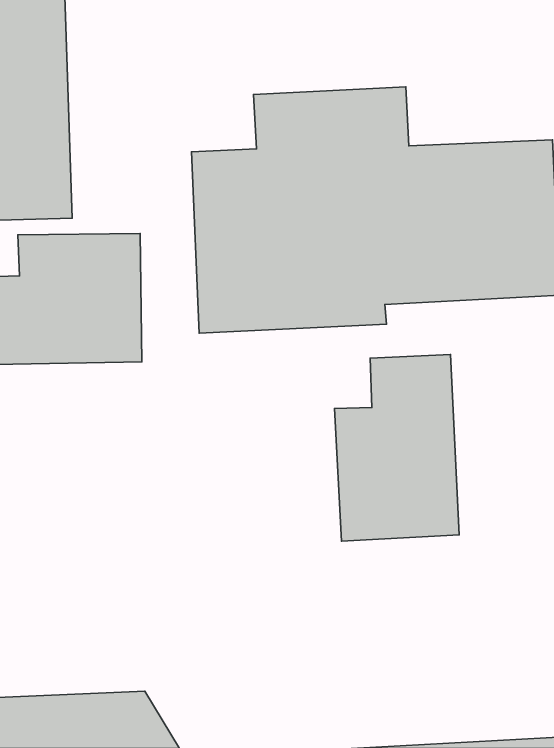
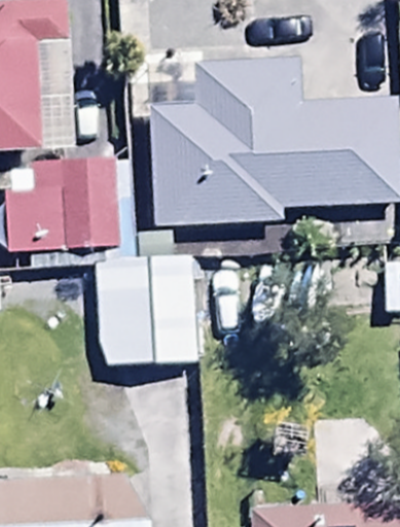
building: [334,354,459,541] -> none
building: none -> [67,258,193,363]

